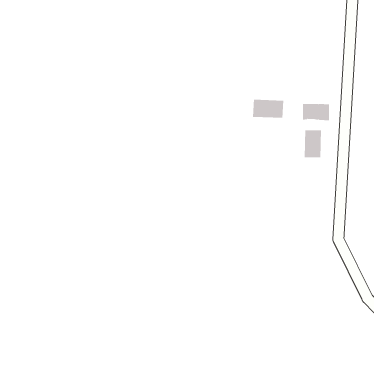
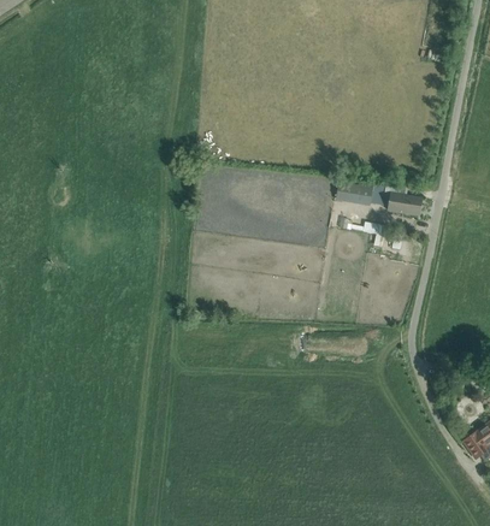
building: [304,129,321,158] -> none

